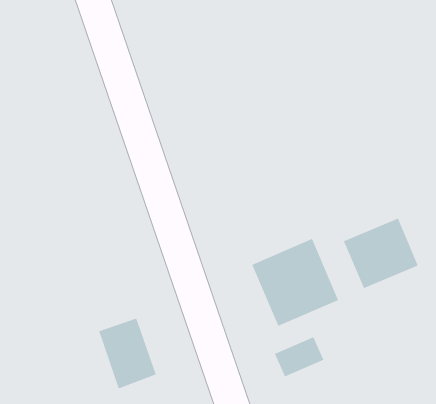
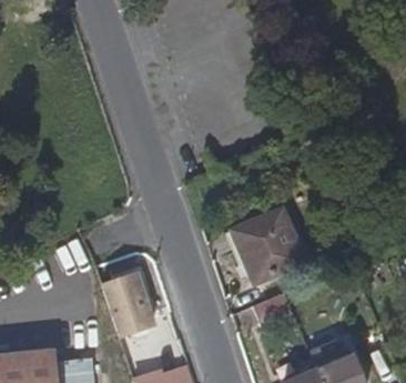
building: [343,218,419,289] -> none

